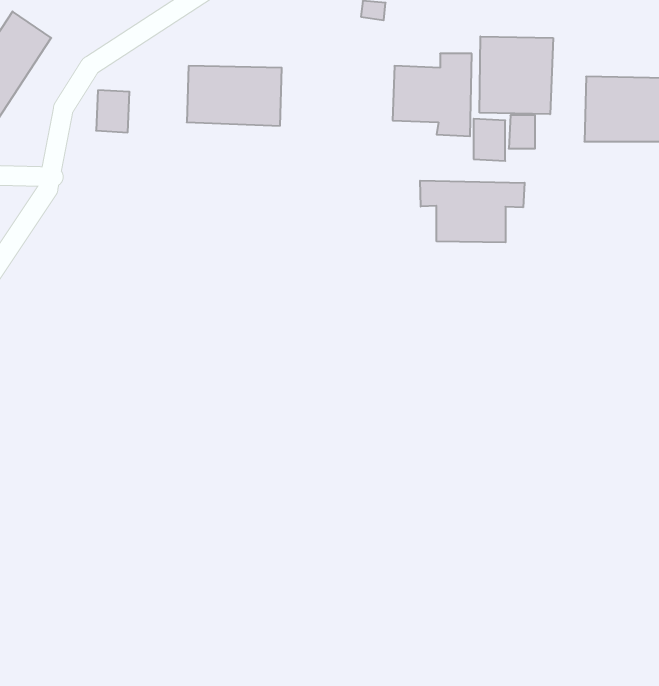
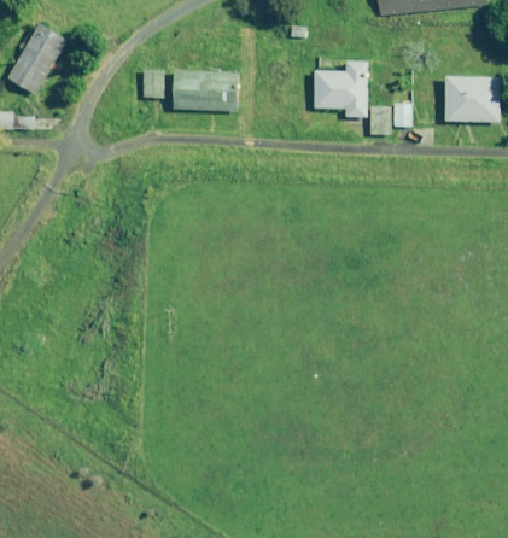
building: [480,36,553,114] -> none
building: [96,90,130,132] -> [141,68,164,97]
building: [420,181,525,242] -> none

